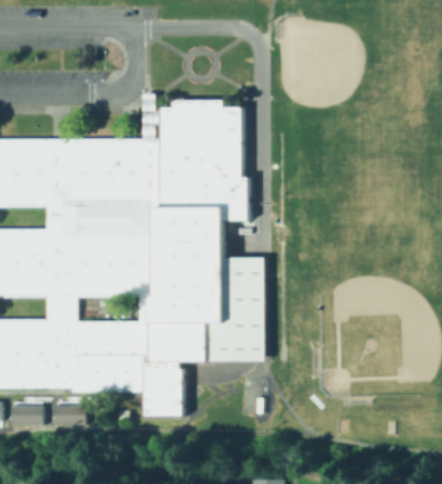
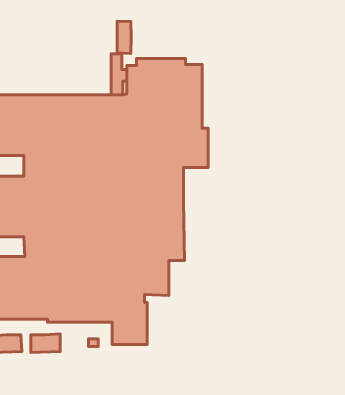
building: none -> [117,21,131,53]
building: [205,257,264,361] -> none

